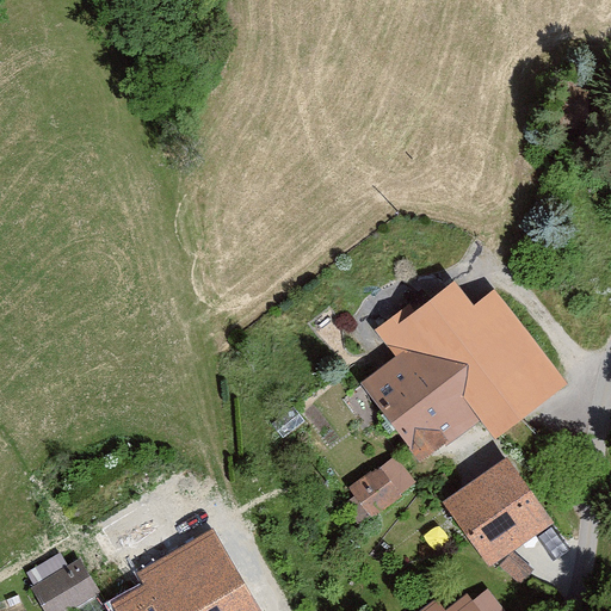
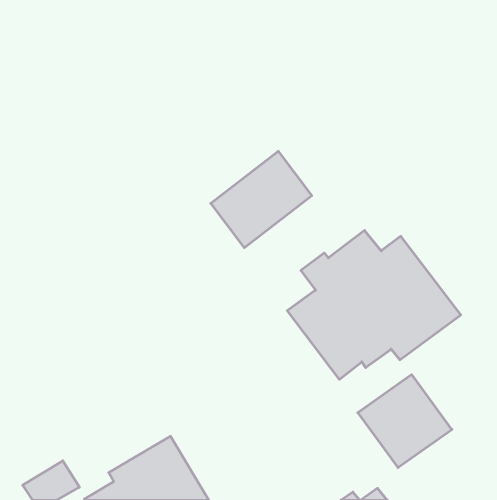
building: none -> [211,151,312,248]
building: [350,452,421,519] -> none

